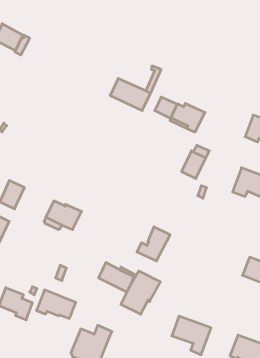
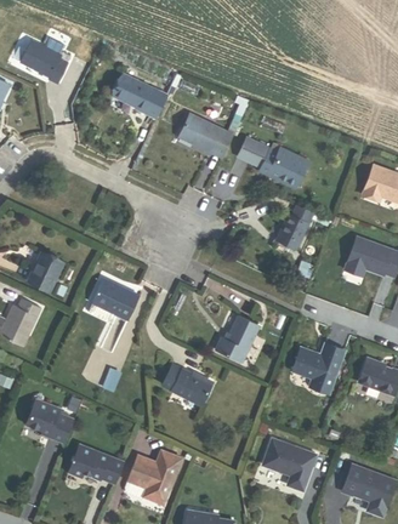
building: none -> [113,74,166,118]
building: none -> [291,341,345,393]
building: [121,271,160,314] -> none
building: [36,290,76,318] -> [69,443,123,482]

